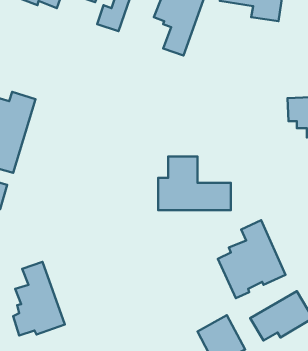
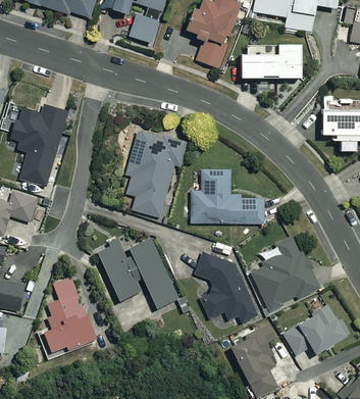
building: none -> [242,46,302,78]
building: none -> [125,130,187,217]
building: none -> [97,239,178,308]
building: none -> [194,252,257,322]

